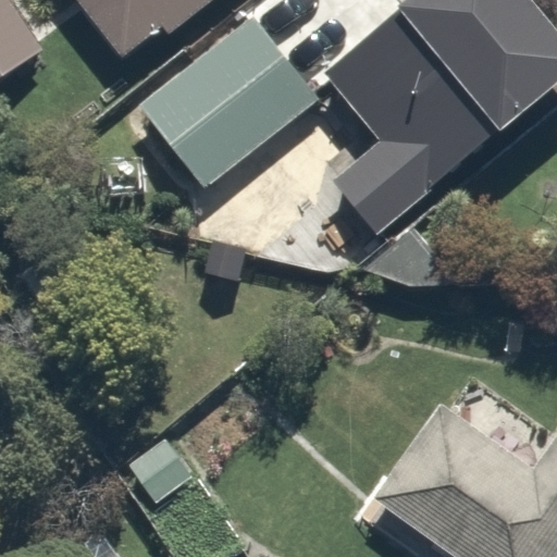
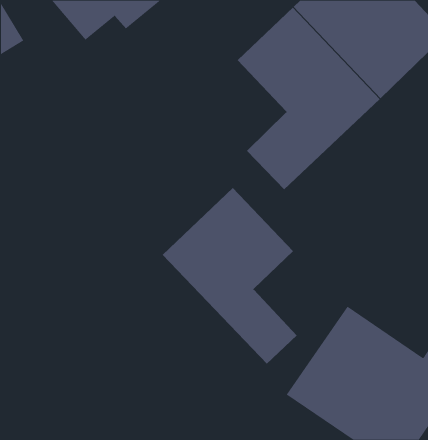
building: [127,4,326,199] -> none
building: none -> [162,187,297,364]

